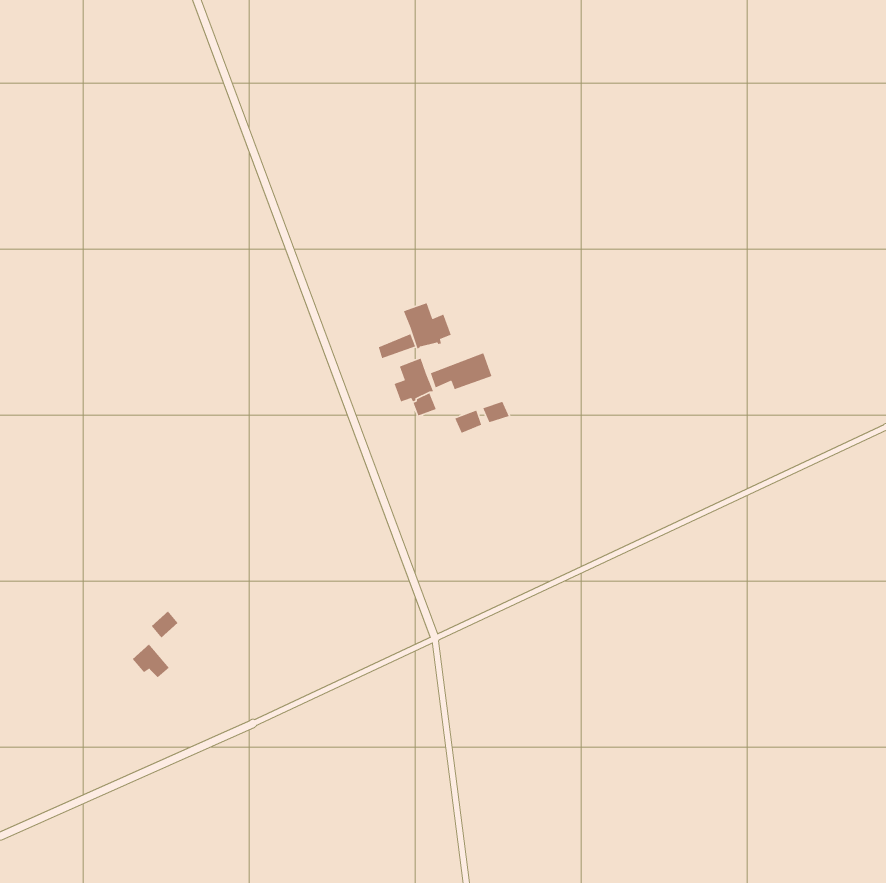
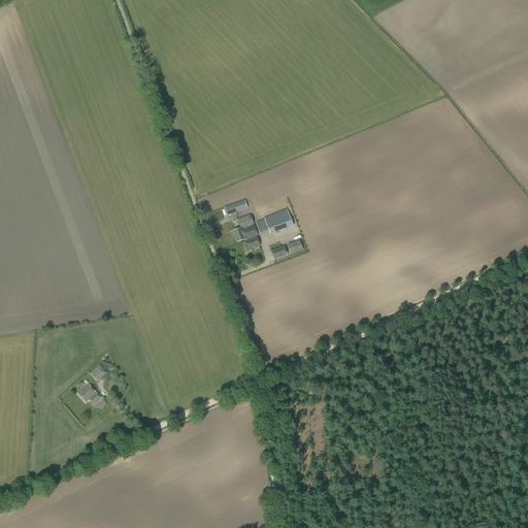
building: [403,302,452,350] -> none

